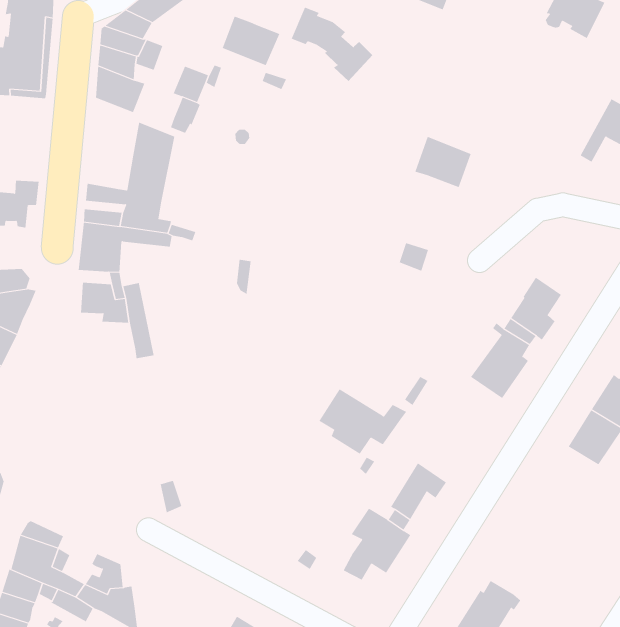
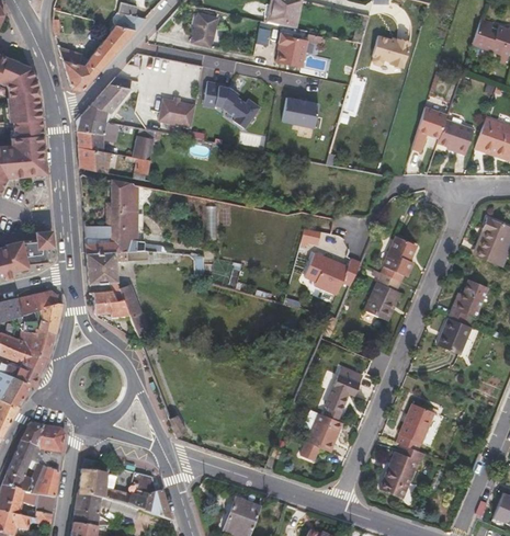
building: [414,136,472,188] -> [282,96,318,127]
building: [319,388,407,454] -> [304,253,362,295]
building: none -> [396,402,434,451]

